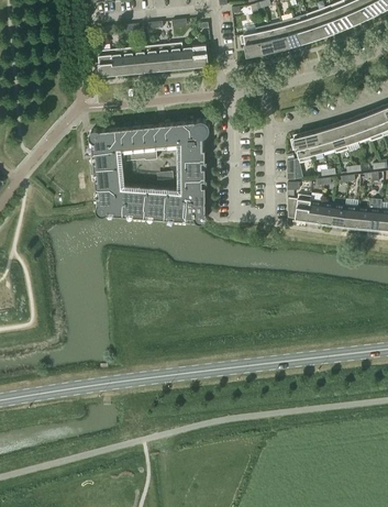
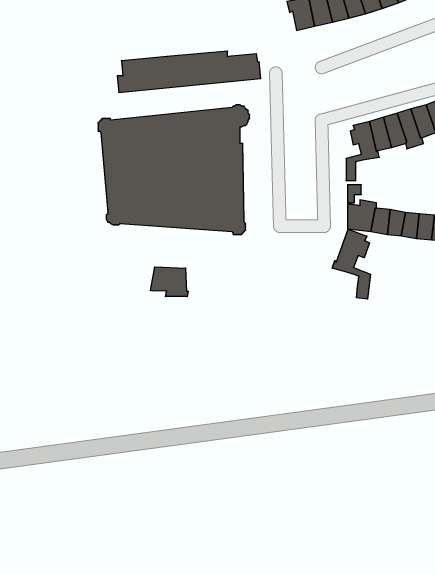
building: [95,44,209,77] -> [117,51,261,92]
building: none -> [332,229,371,299]
building: none -> [150,267,188,297]

